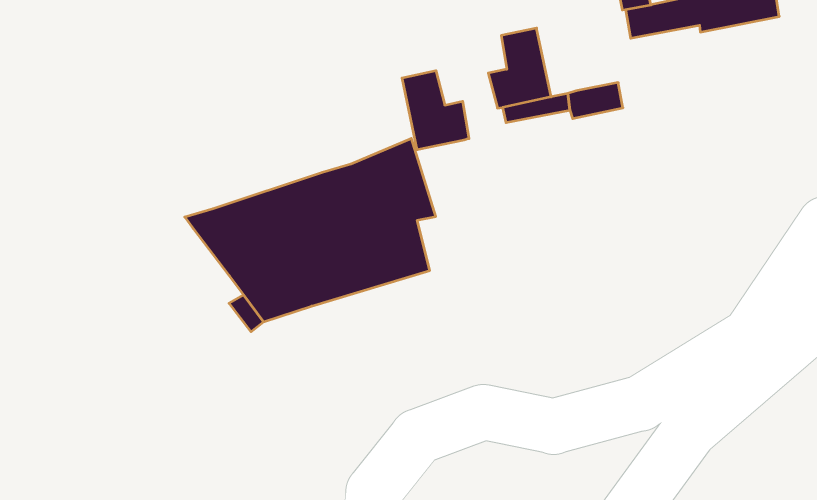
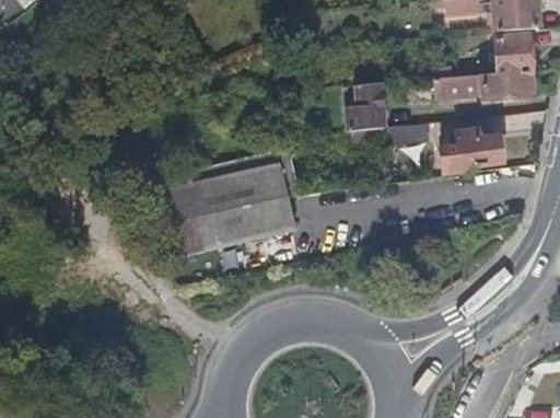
building: [402,71,469,150] -> none
building: none -> [441,131,502,176]

